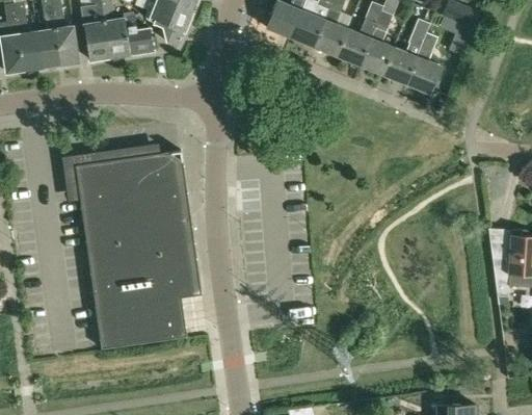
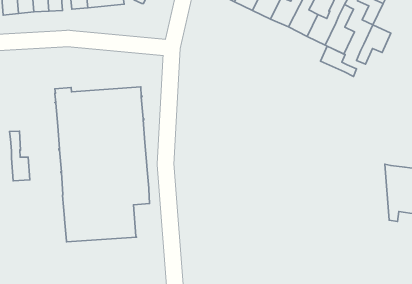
building: none -> [356,25,391,64]
building: none -> [320,46,357,76]
building: none -> [10,131,30,181]

